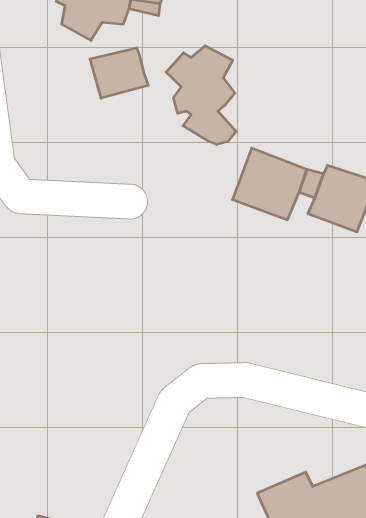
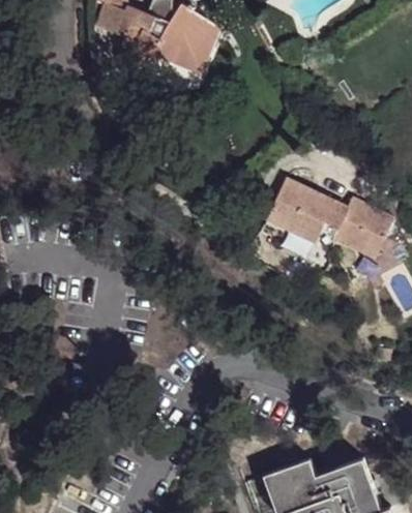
building: [166,46,236,145] -> none
building: [90,48,148,98] -> none

